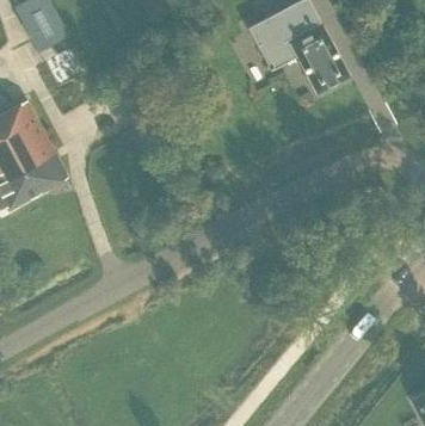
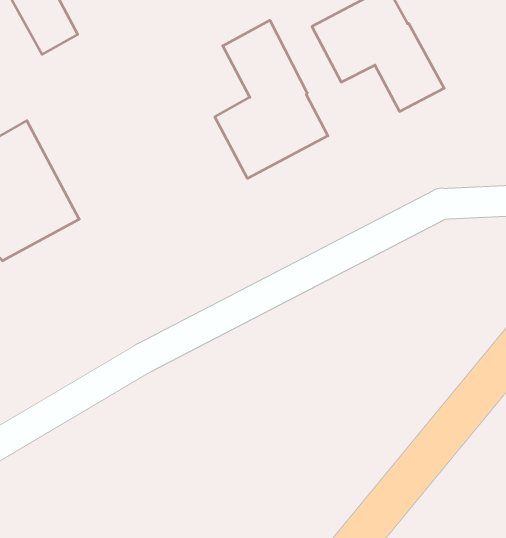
building: none -> [215,20,328,178]

